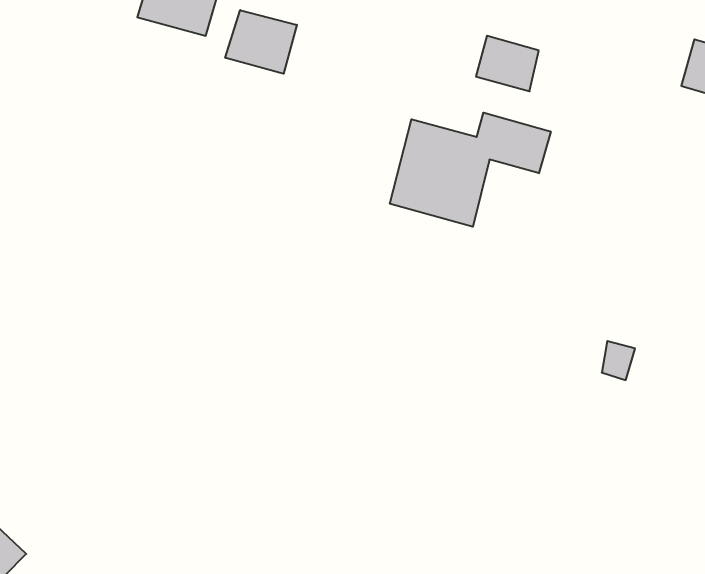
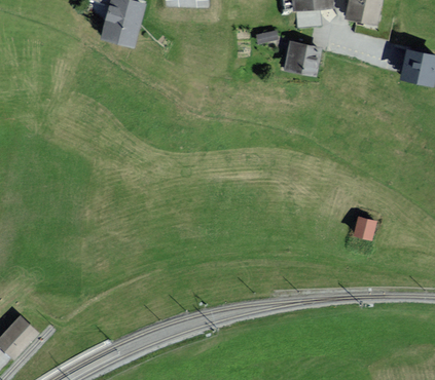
building: [225,10,297,74] -> none
building: [390,113,551,227] -> none

